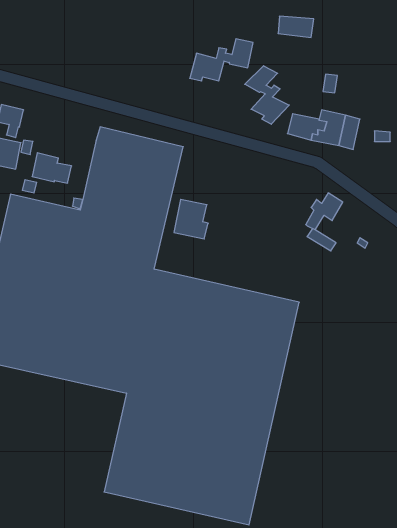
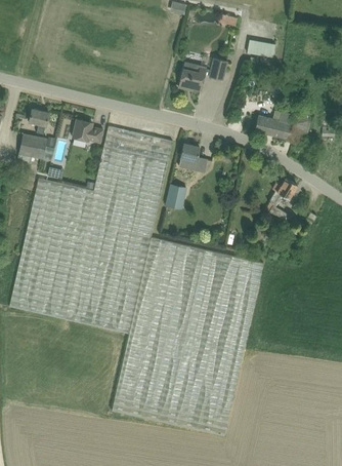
building: [245,66,289,124] -> none
building: none -> [178,143,203,171]
building: [32,153,72,183] -> [73,118,103,142]

